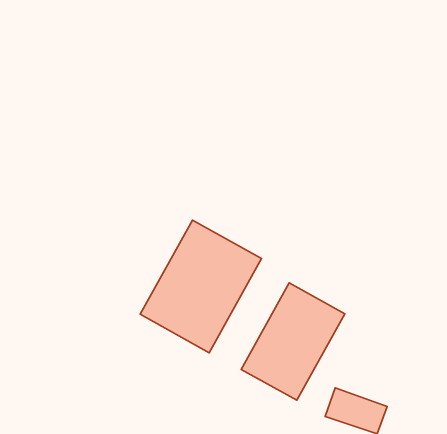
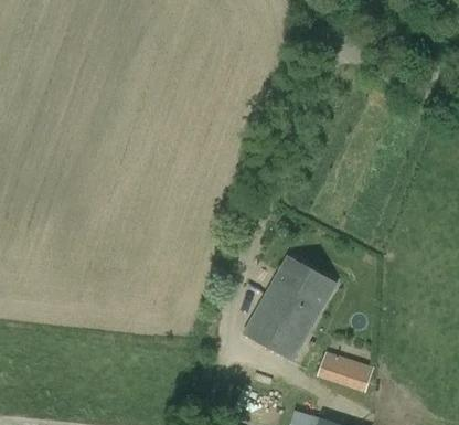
building: [140,220,262,353] -> none

